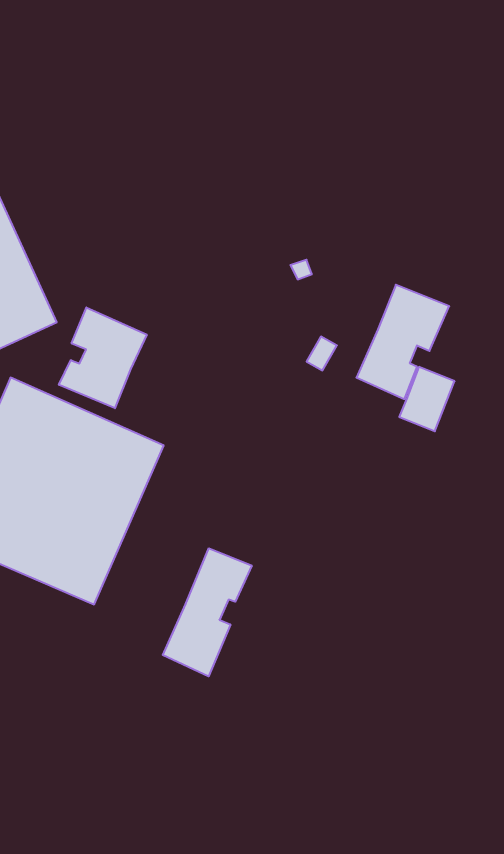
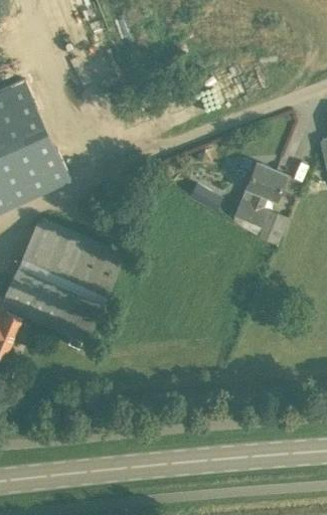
building: [59,307,147,408] -> none
building: [163,548,252,676] -> none

